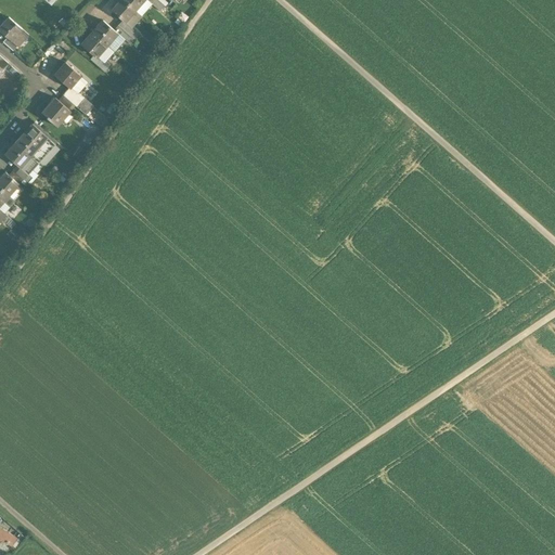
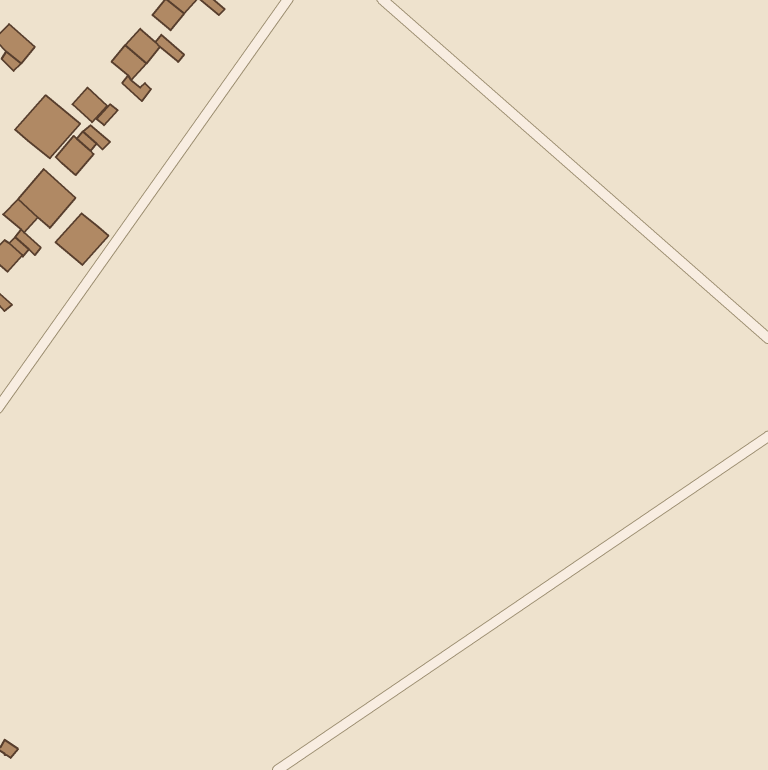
building: none -> [15,95,80,158]
building: none -> [56,213,108,265]

